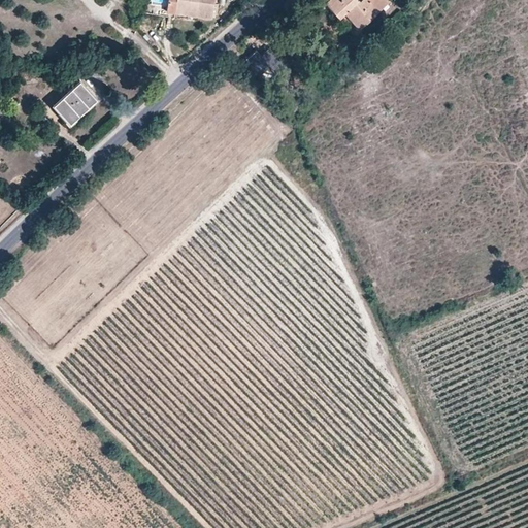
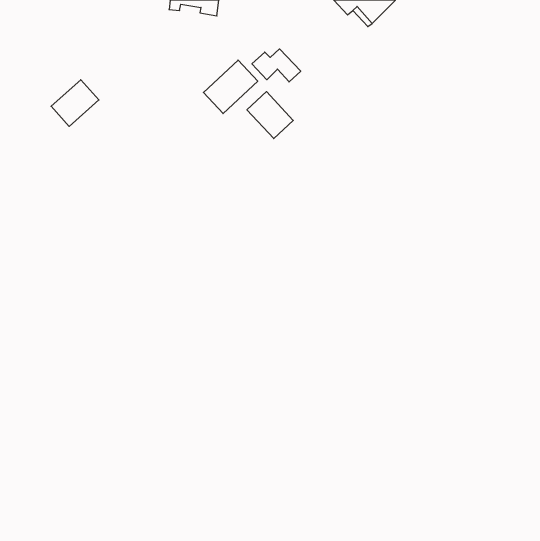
building: none -> [203,60,258,114]
building: none -> [247,92,293,139]

